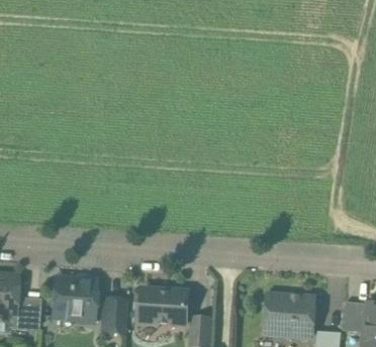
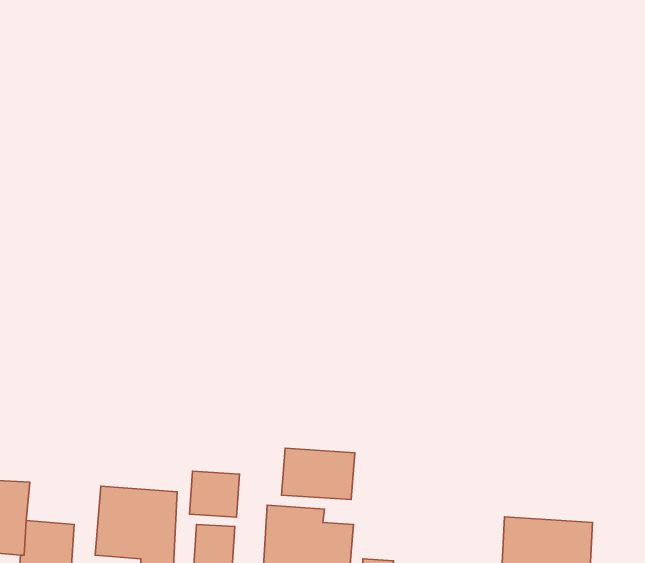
building: none -> [282,448,355,500]
building: none -> [190,471,240,517]

